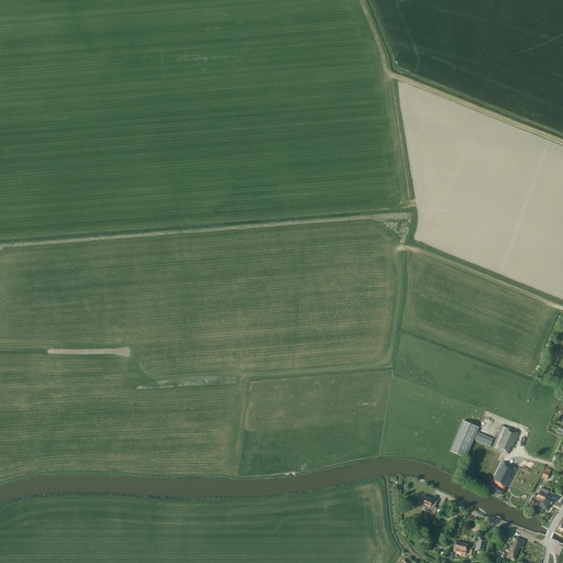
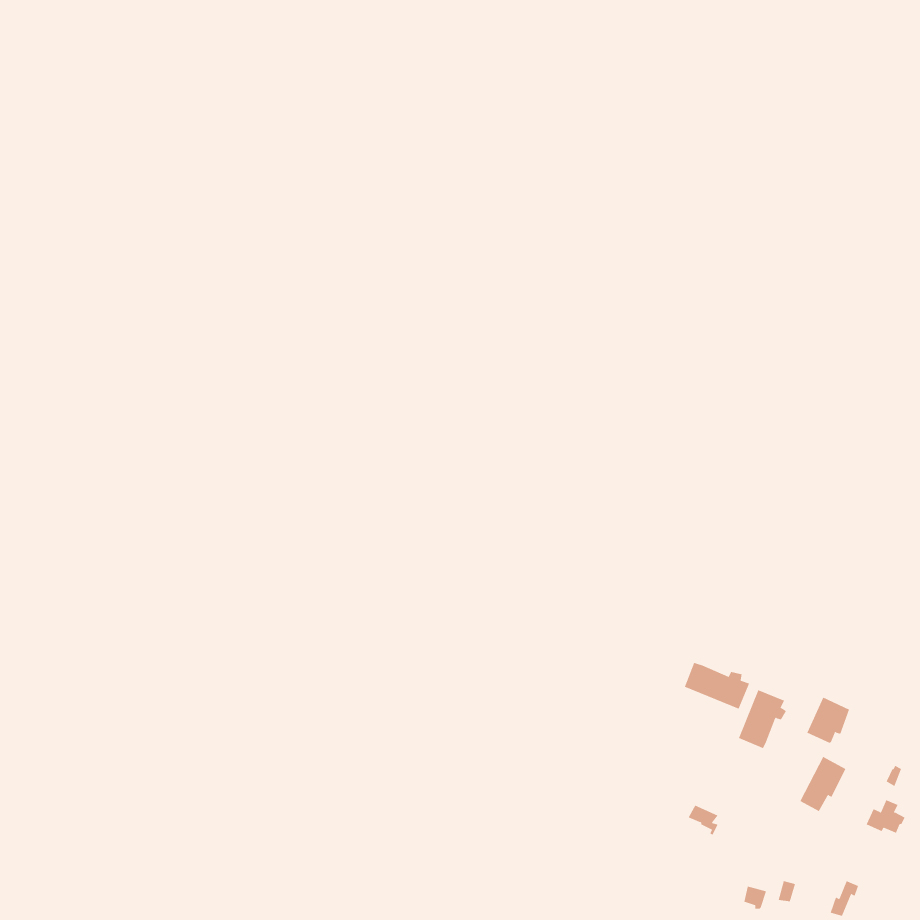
building: none -> [684,662,750,710]

